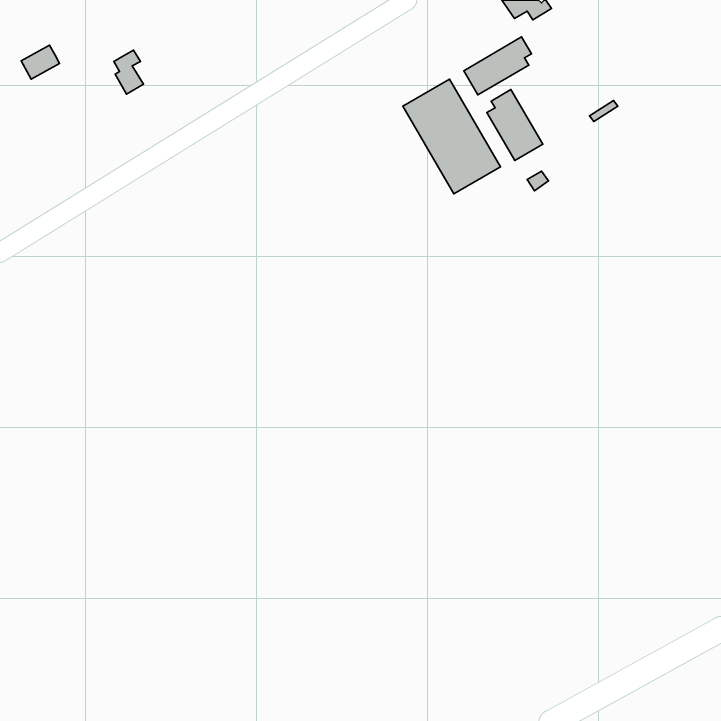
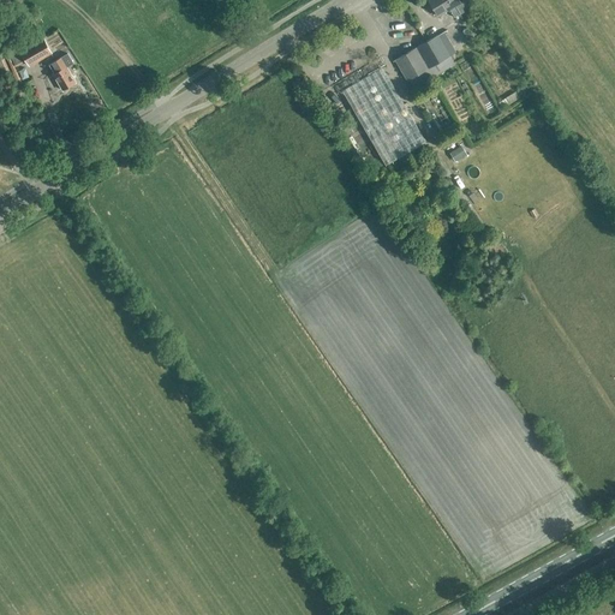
building: [114,50,143,94] -> [50,54,76,91]
building: [487,90,543,160] -> none

